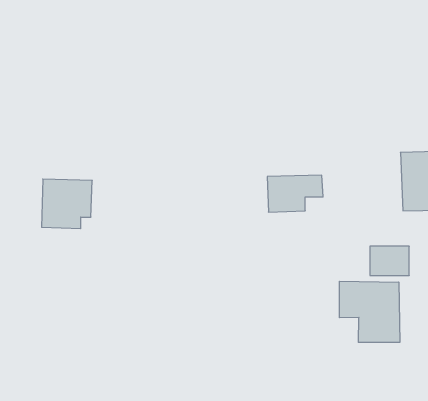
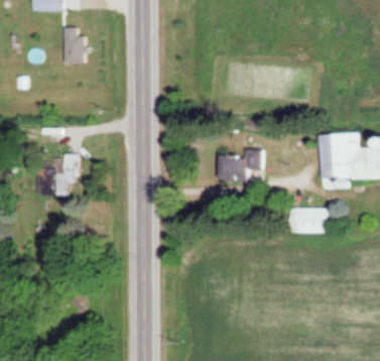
building: none -> [64,27,84,63]
building: [340,281,400,342] -> none

